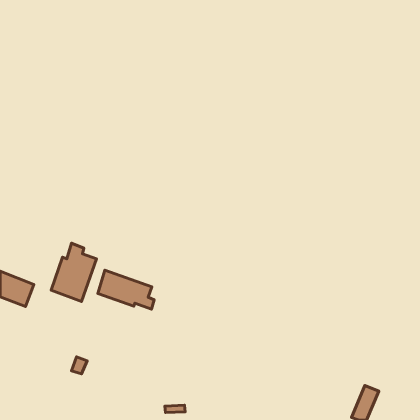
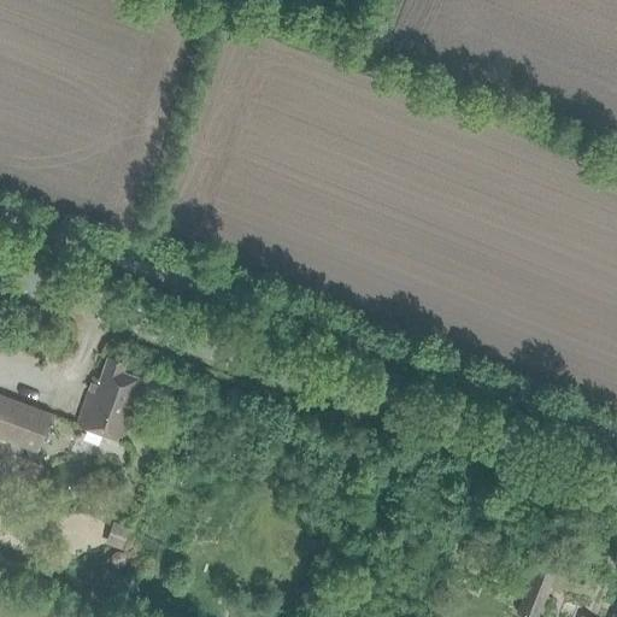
building: [98,270,154,309] -> none

